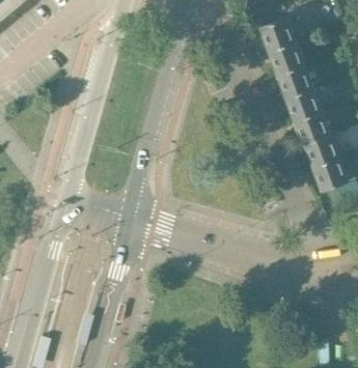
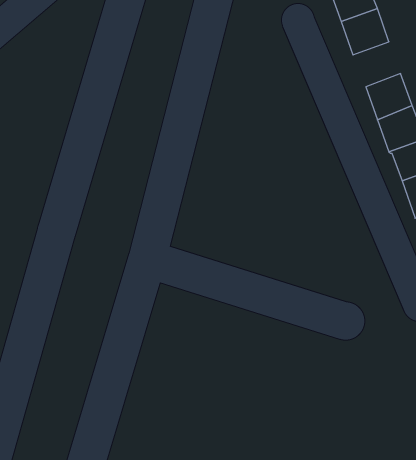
building: [278,65,312,97] -> none

